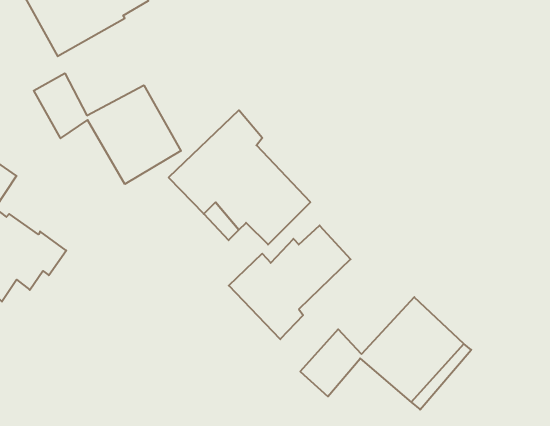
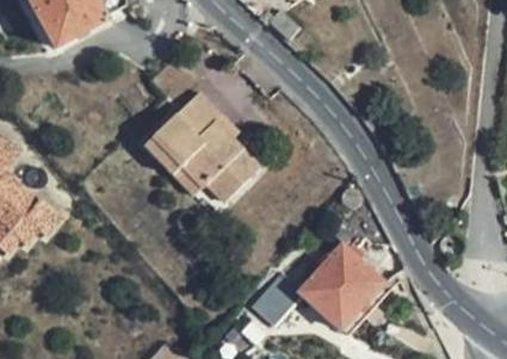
building: [34,73,181,184] -> none
building: [229,225,351,339] -> none

